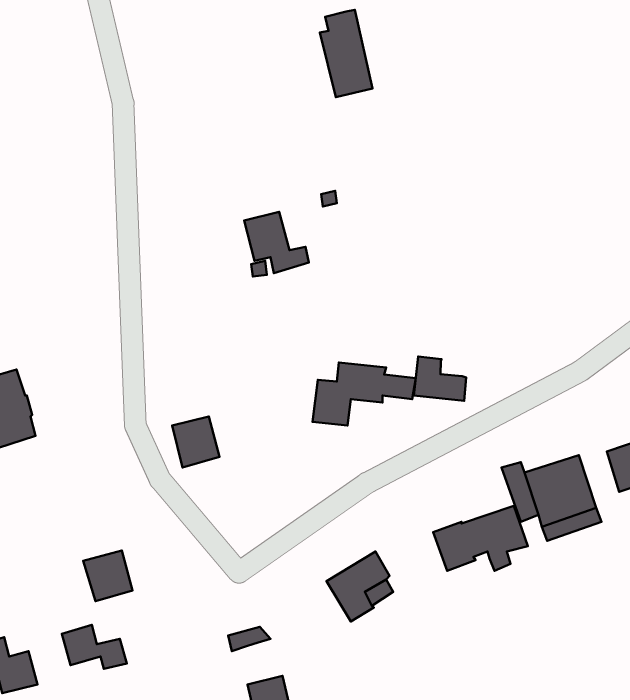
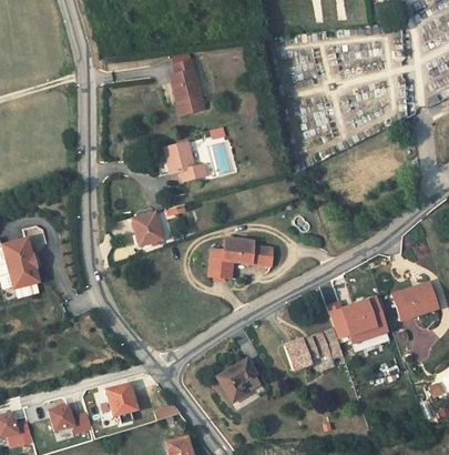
building: [320,10,372,97] -> [171,61,204,117]
building: [414,356,466,401] -> none
building: [172,417,219,467] -> [132,213,162,245]
building: [83,550,132,601] -> [105,384,136,416]

